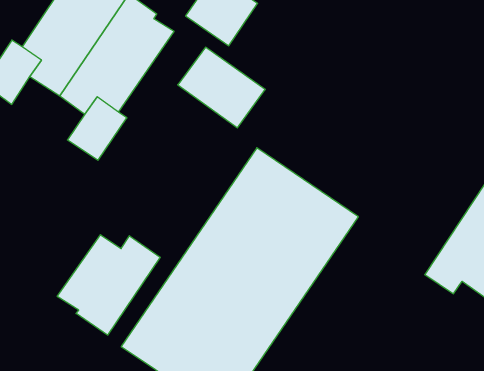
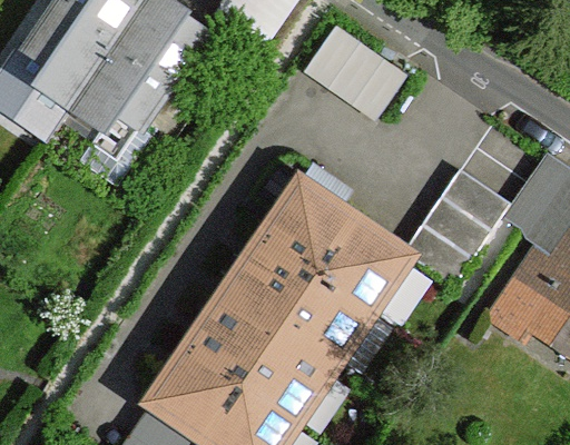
building: [178,47,265,128] -> [309,22,411,116]
building: none -> [424,164,517,258]
building: [57,235,160,335] -> none

